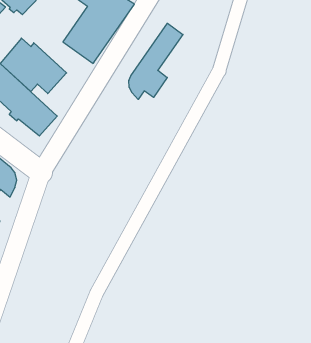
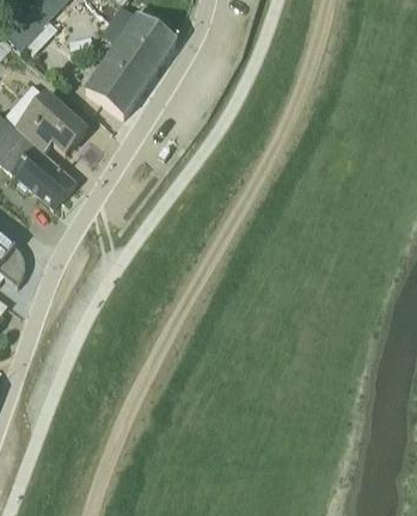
building: [129,23,183,99] -> none

